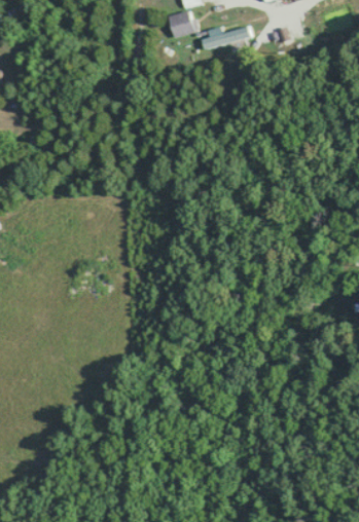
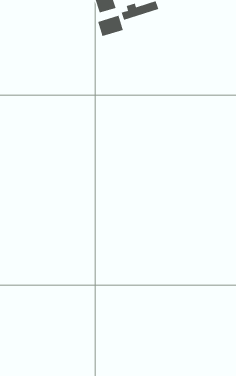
building: none -> [97,15,124,37]

